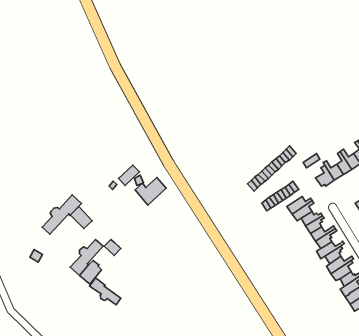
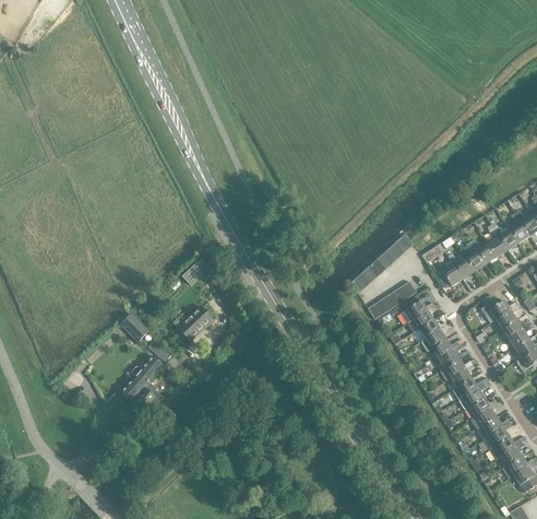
building: [135,177,166,205] -> [174,303,214,339]
building: [42,195,82,234] -> none
building: [90,278,121,305] -> none

